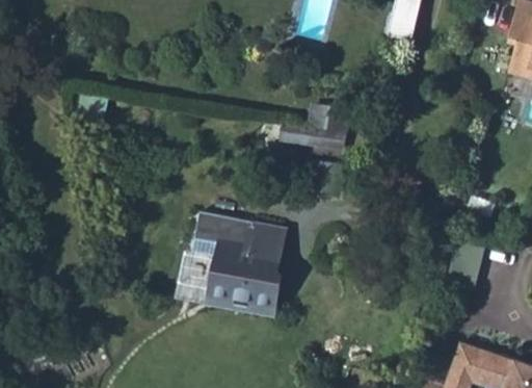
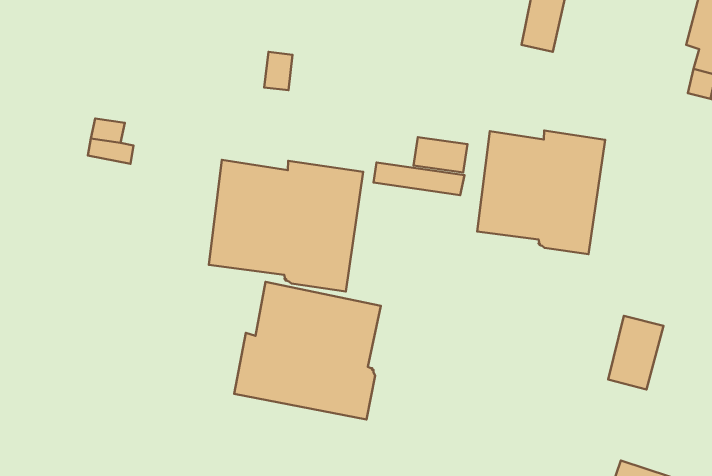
building: none -> [477,131,605,254]
building: none -> [209,160,363,291]

